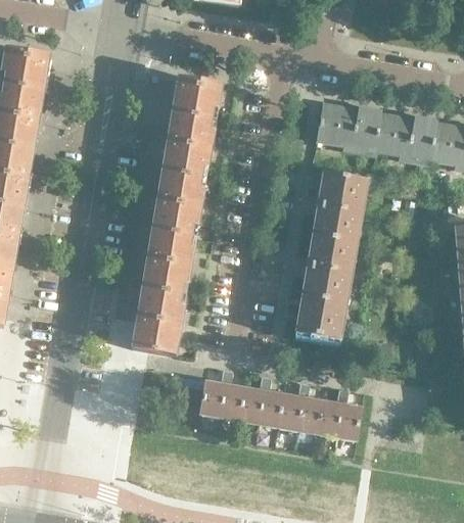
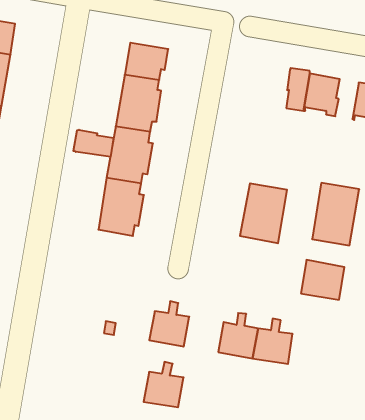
building: [318,102,359,151] -> none
building: [410,115,437,163] -> none
building: [314,173,367,243] -> [312,183,359,245]
building: none -> [73,130,113,157]
building: [133,288,184,354] -> none
building: [296,295,345,340] -> [301,260,344,300]
building: [239,375,284,426] -> [144,362,184,407]

